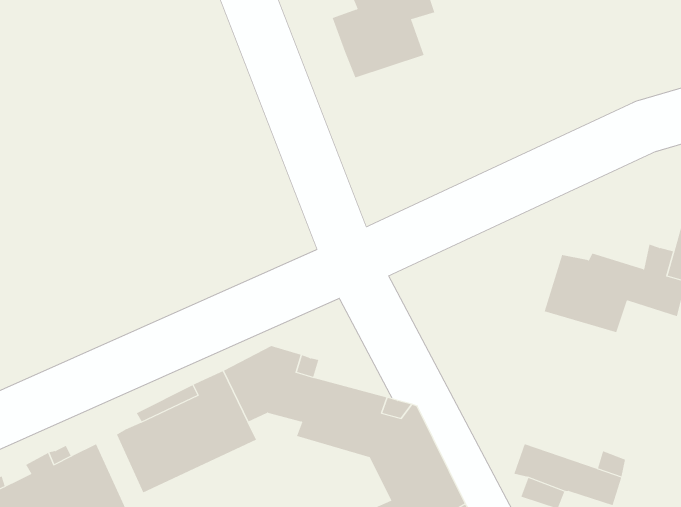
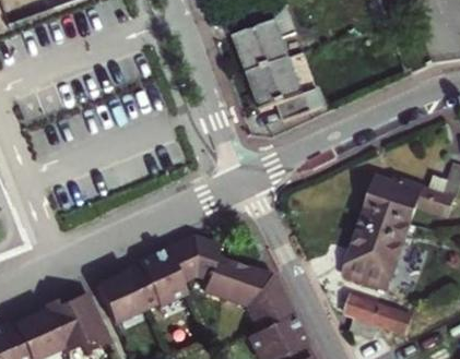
building: none -> [243,57,316,119]
building: none -> [339,214,403,291]

